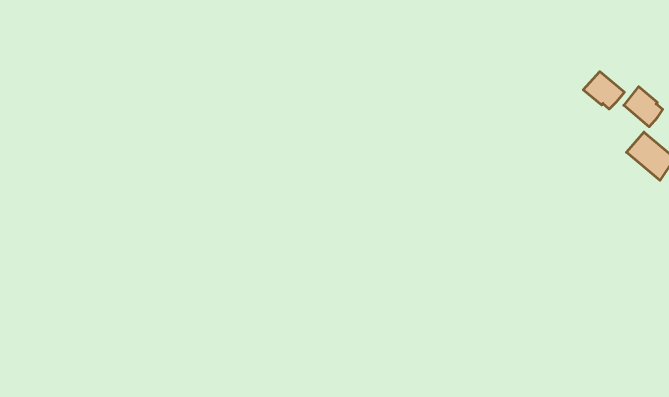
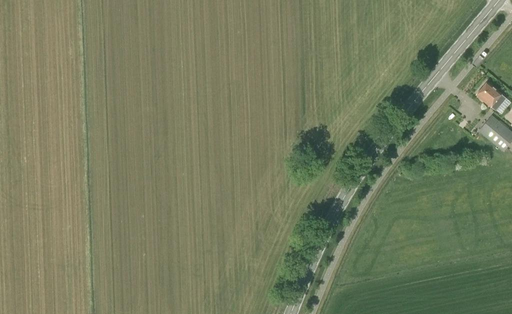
building: [583,72,624,109] -> none

